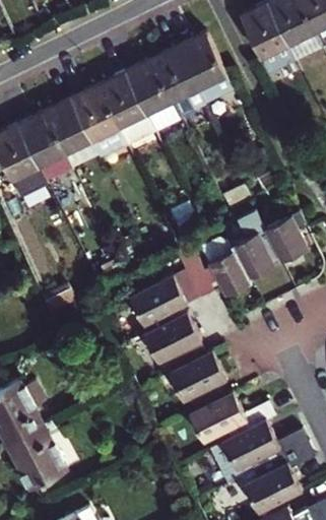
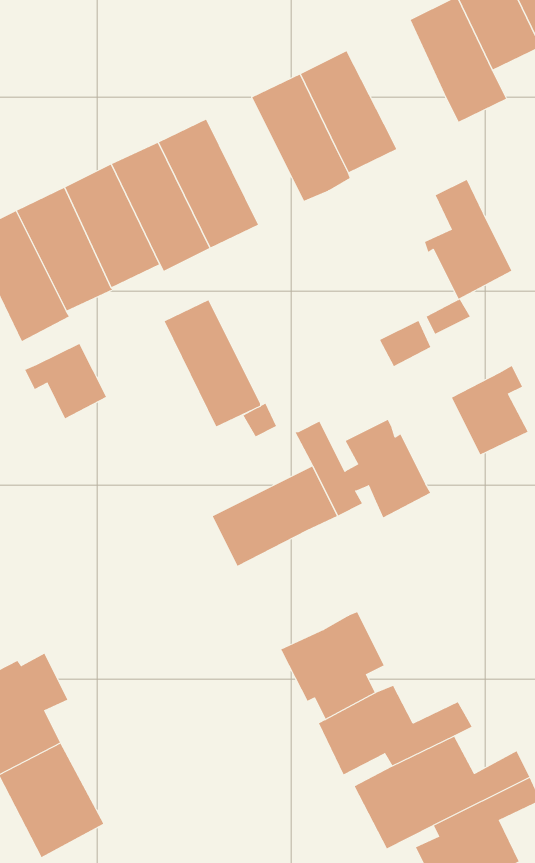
building: [125,60,180,132] -> [164,300,261,427]
building: none -> [24,343,107,419]
building: [230,210,279,278] -> [424,179,512,300]
building: [142,312,200,376] -> none

